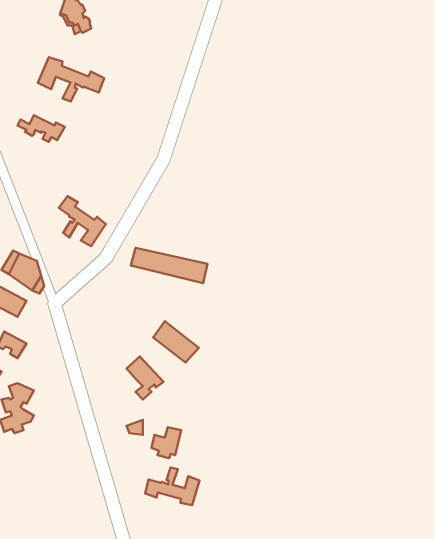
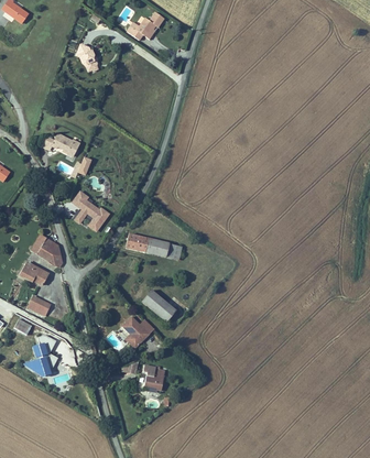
building: [38,57,104,102] -> none
building: [145,467,199,505] -> none

